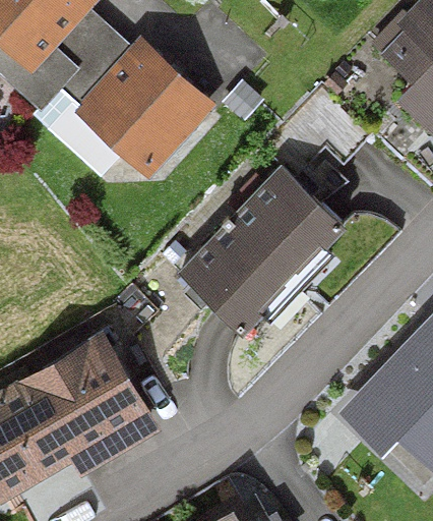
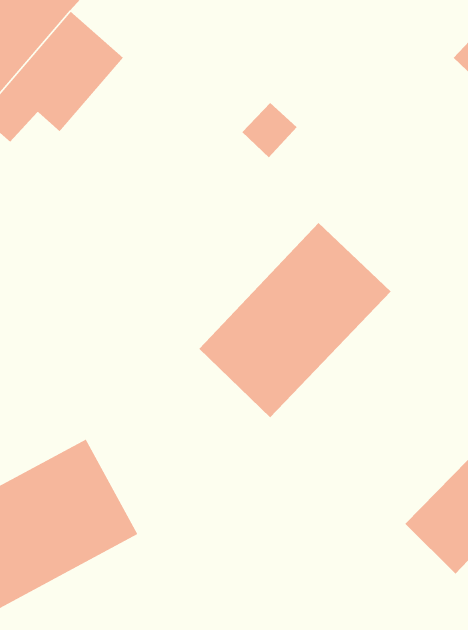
building: [76,39,212,174] -> none

